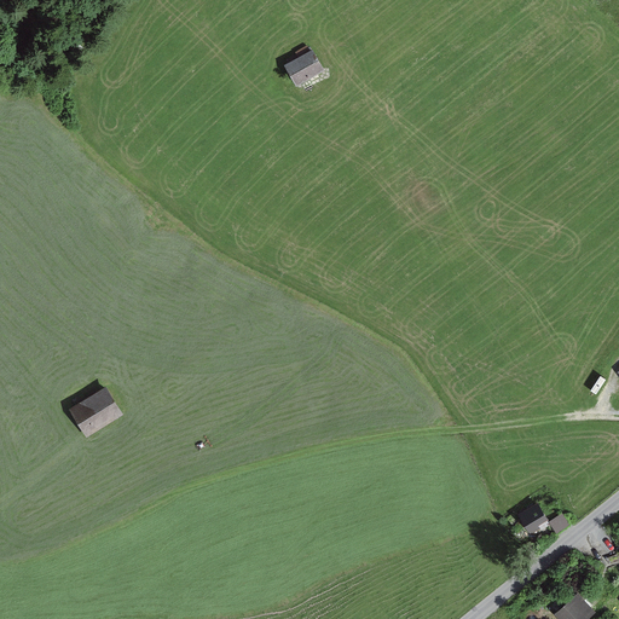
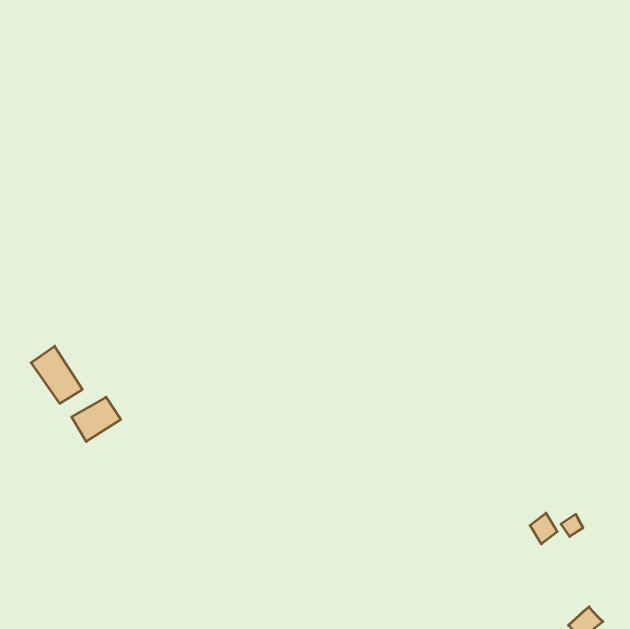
building: [284,52,320,85] -> none
building: none -> [31,346,82,403]

